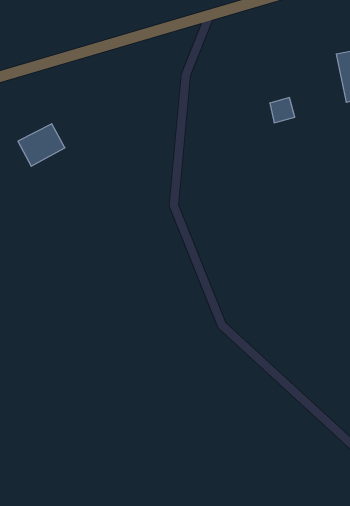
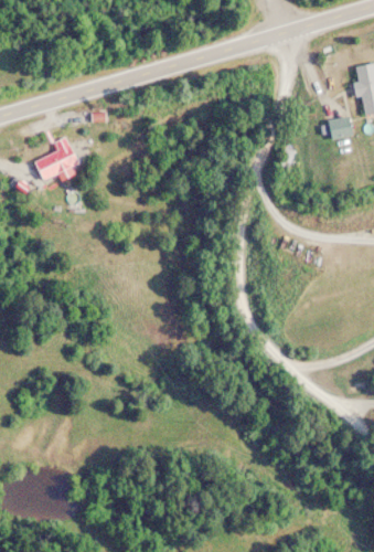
building: [270,98,295,123] -> [329,116,354,141]

